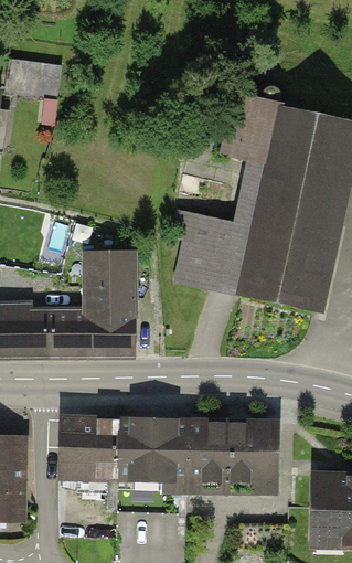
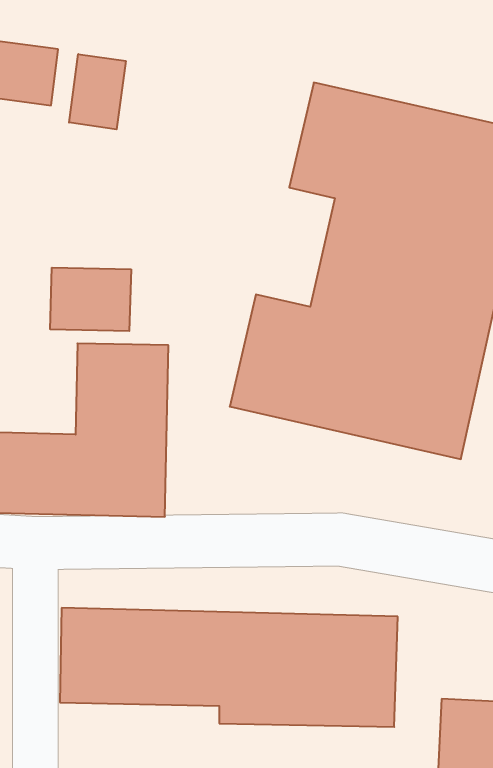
building: none -> [69,54,126,129]
building: none -> [50,268,131,331]

